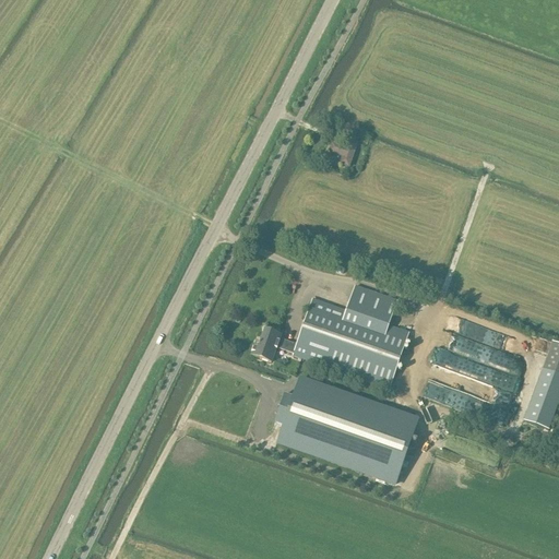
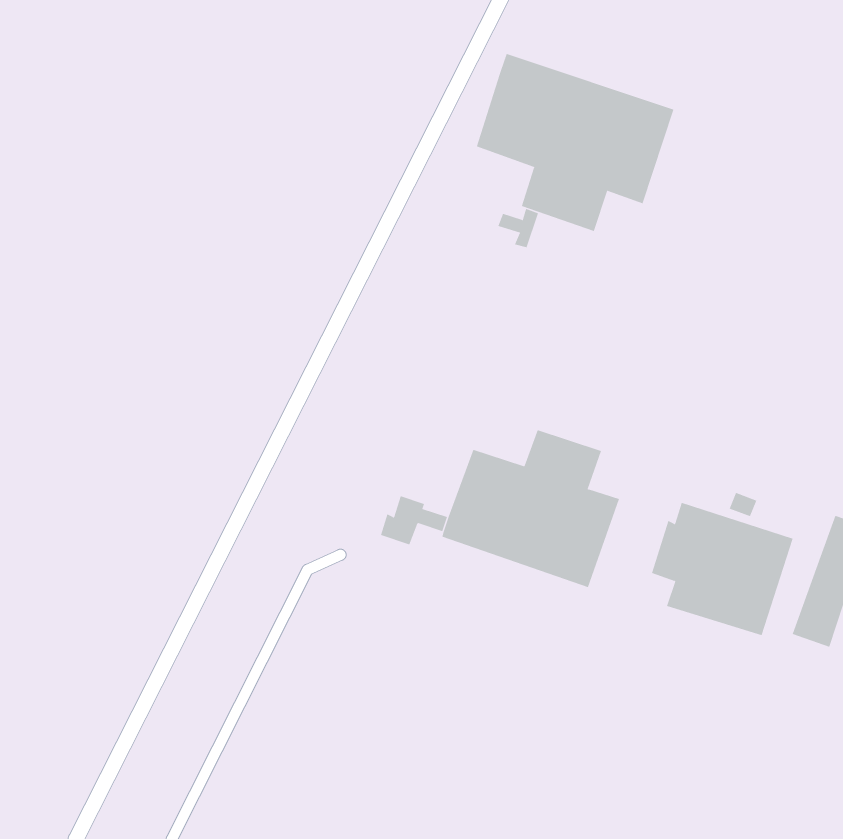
building: none -> [476,53,674,232]
building: [275,376,419,484] -> none

